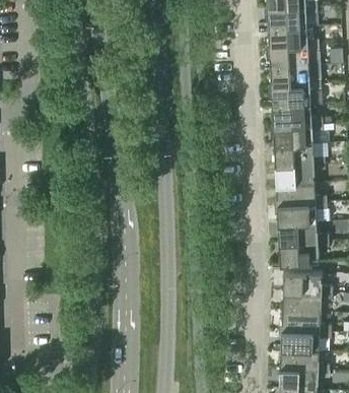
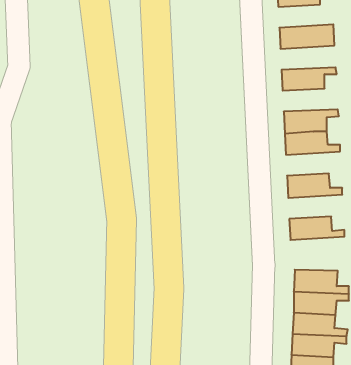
building: [269,28,320,50] -> none
building: [271,66,322,88] -> none
building: [273,106,324,127] -> none
building: [276,163,327,186] -> none
building: [278,203,329,225] -> none
building: [280,242,330,265] -> none

